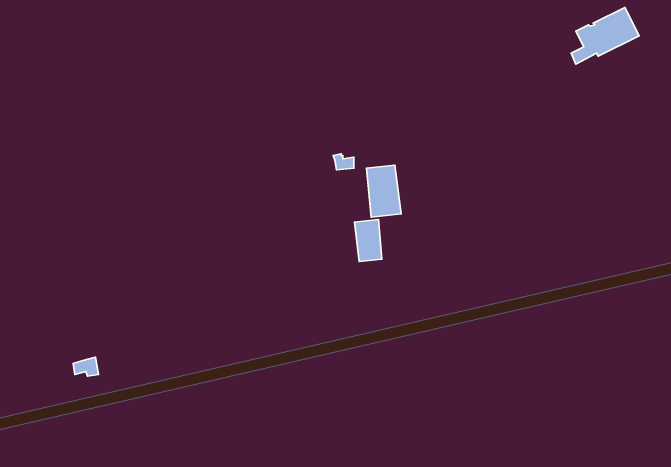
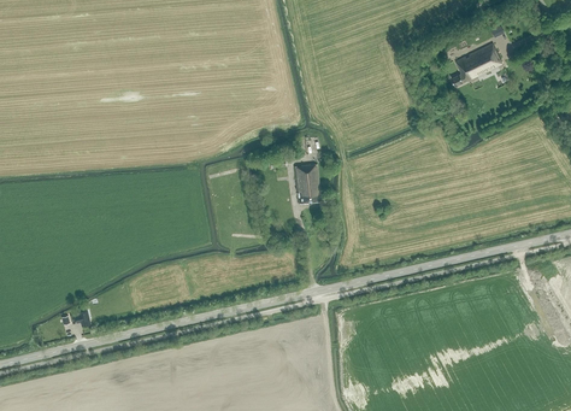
building: [355,220,382,262] -> none

